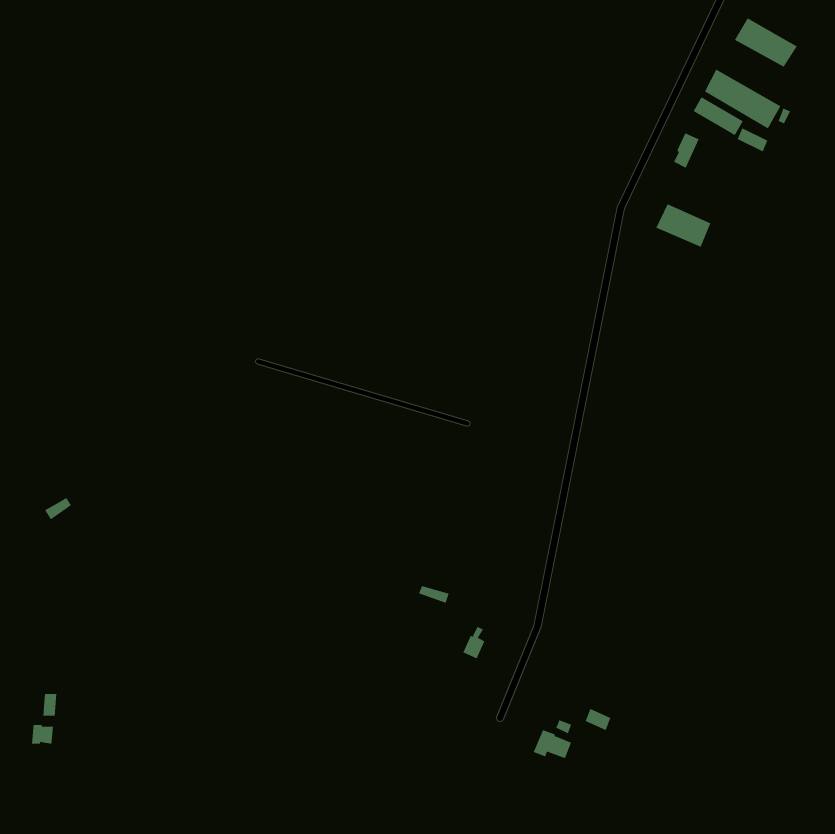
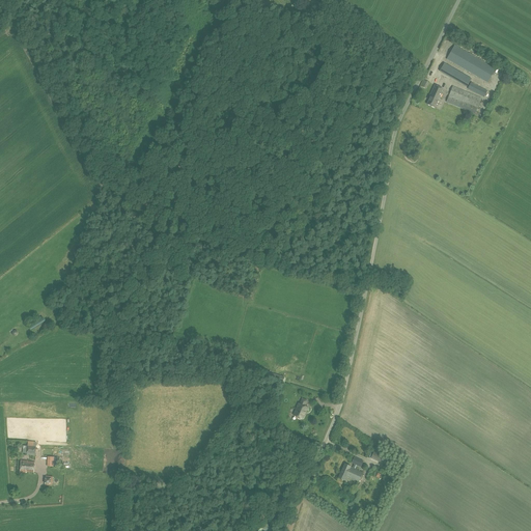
building: [734,17,797,68] -> none
building: [656,203,711,248] -> [446,85,481,113]

